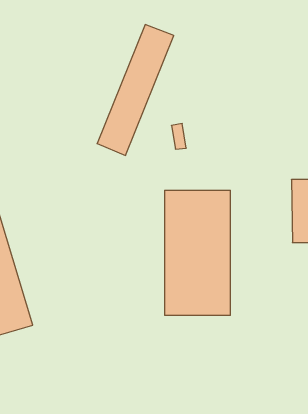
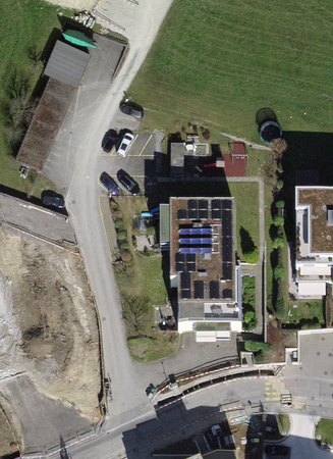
building: [97,25,174,155] -> [14,32,94,167]

